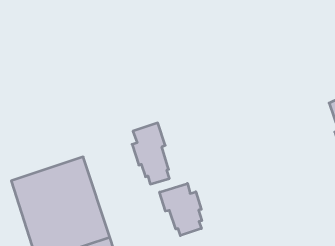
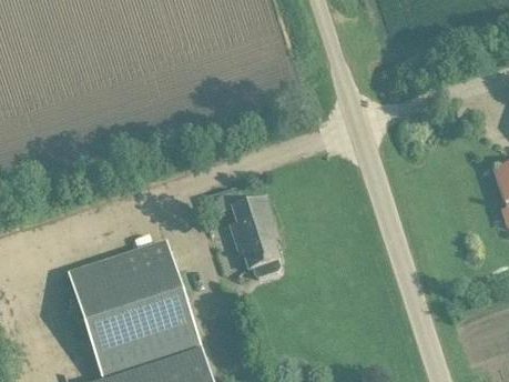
building: [160,183,202,236] -> none

